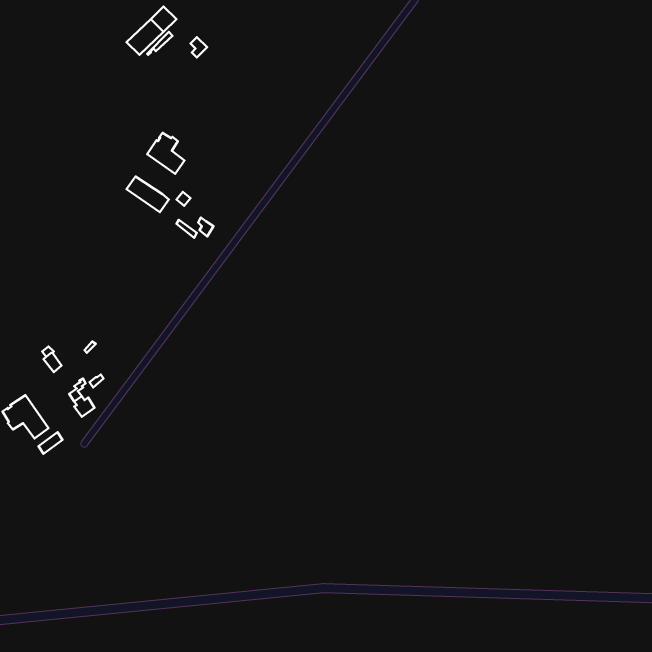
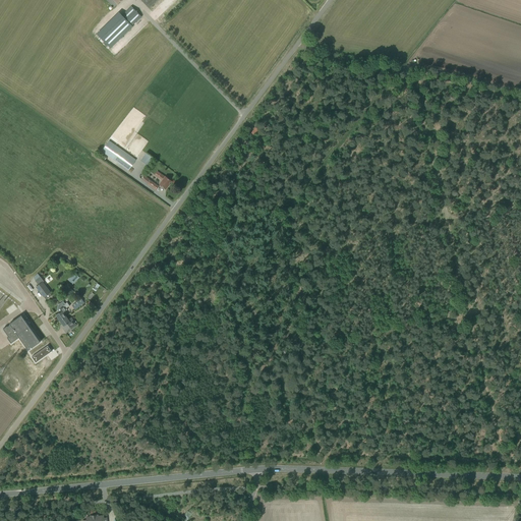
building: [147,133,185,174] -> none

